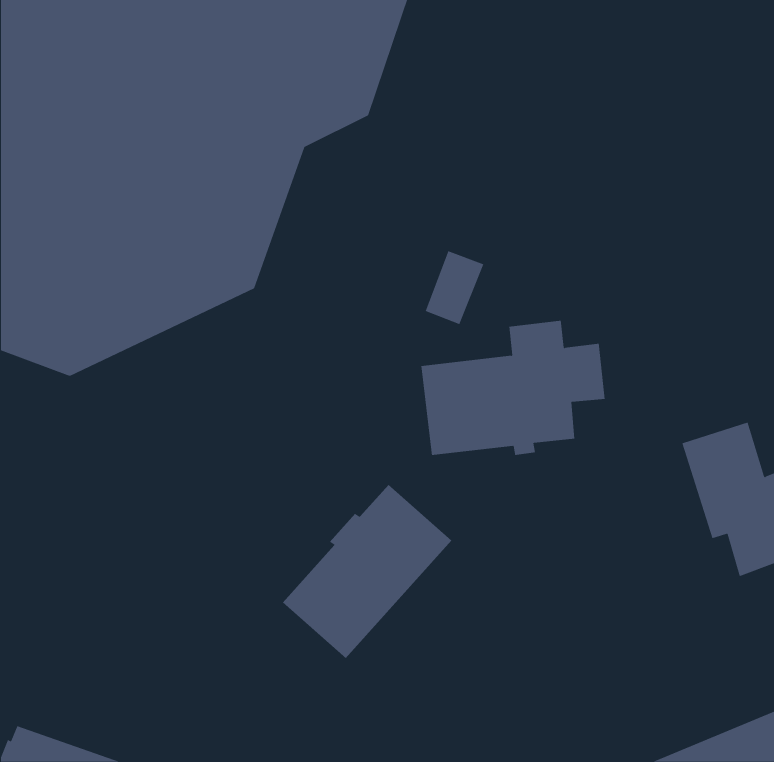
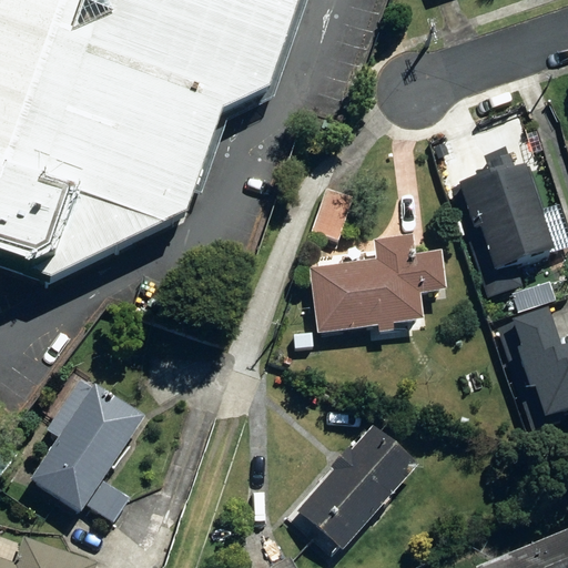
building: none -> [449,159,549,275]
building: [282,484,452,659] -> [294,424,418,551]
building: none -> [28,377,145,521]

